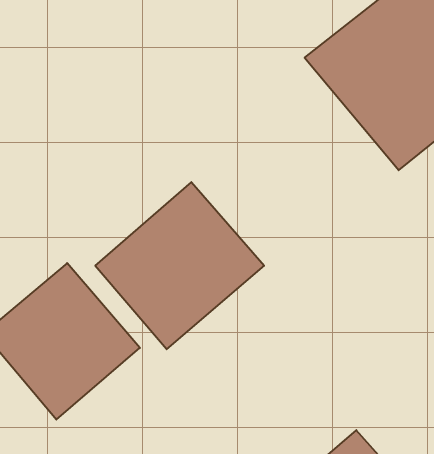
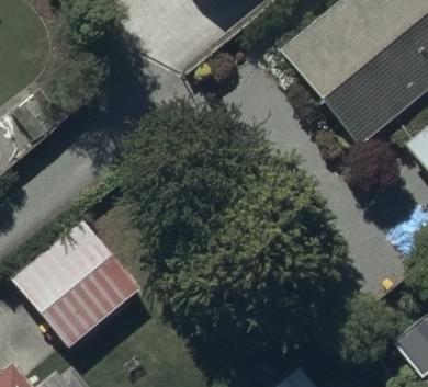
building: [95,182,264,349] -> none

